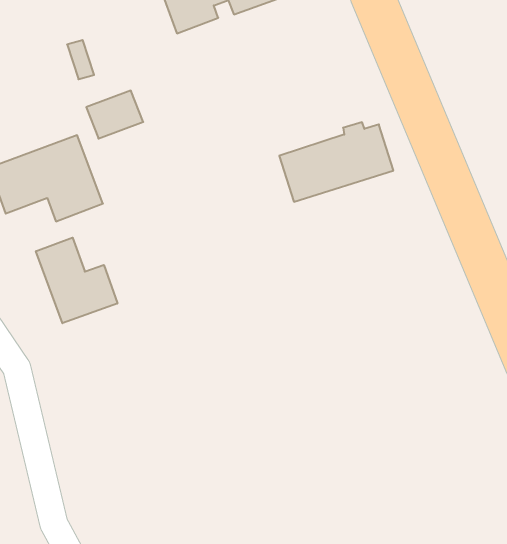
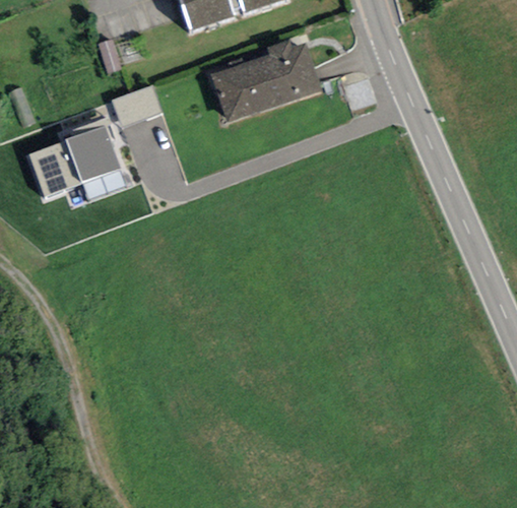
building: [279,122,393,202] -> [211,42,315,114]
building: [36,238,117,323] -> none

